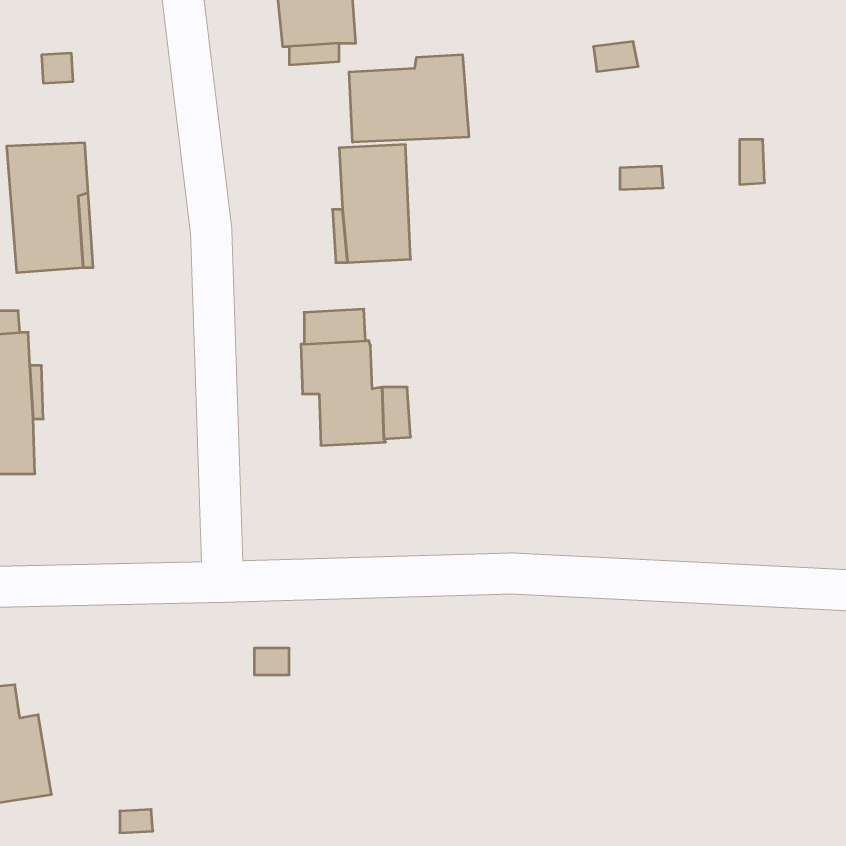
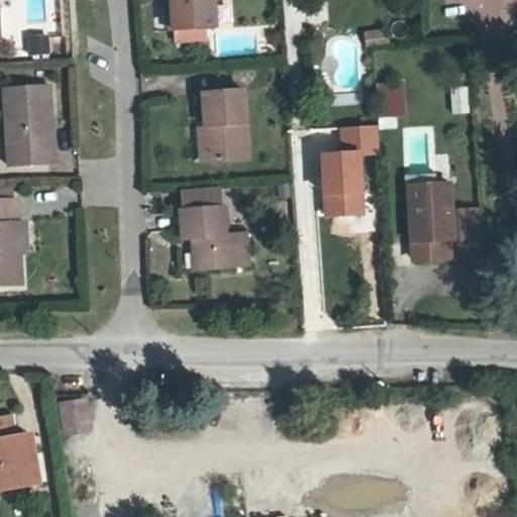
building: [349,55,469,142] -> none
building: none -> [316,122,377,214]
building: none -> [407,185,478,261]
building: none -> [54,393,92,433]

